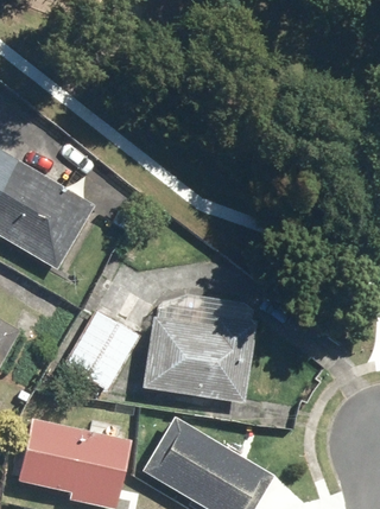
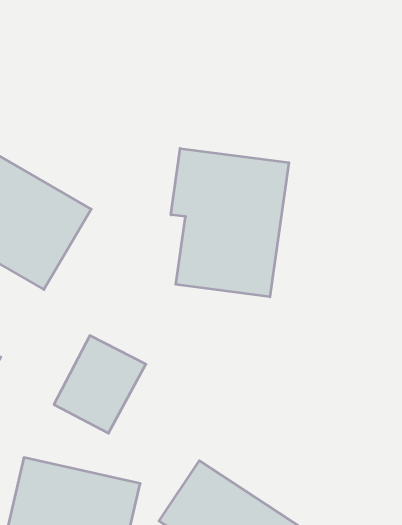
building: none -> [171,148,289,297]
building: [137,318,251,406] -> none

